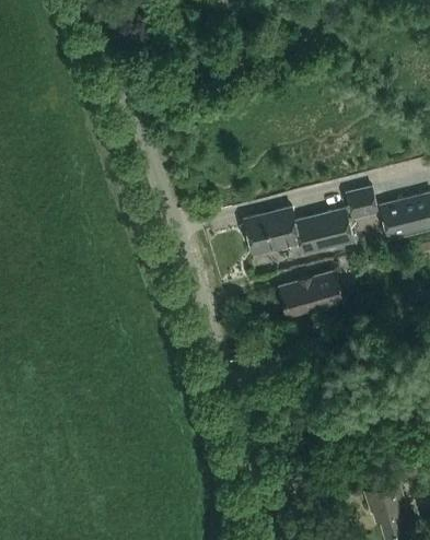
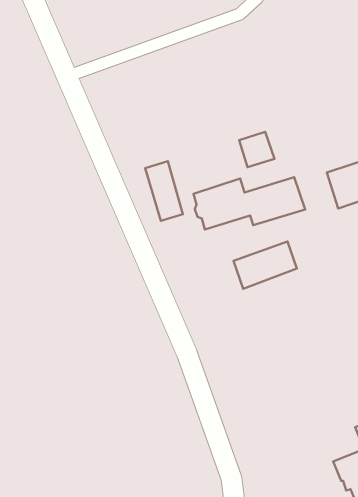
building: none -> [145,161,183,221]
building: [346,187,380,221] -> [239,132,275,167]

